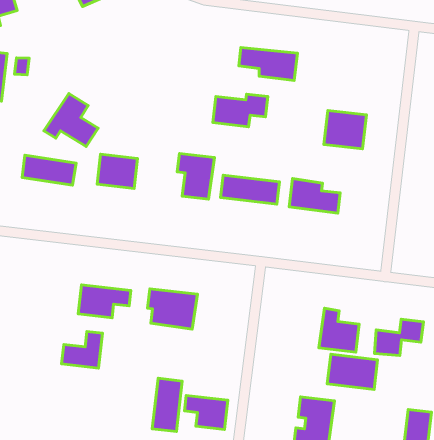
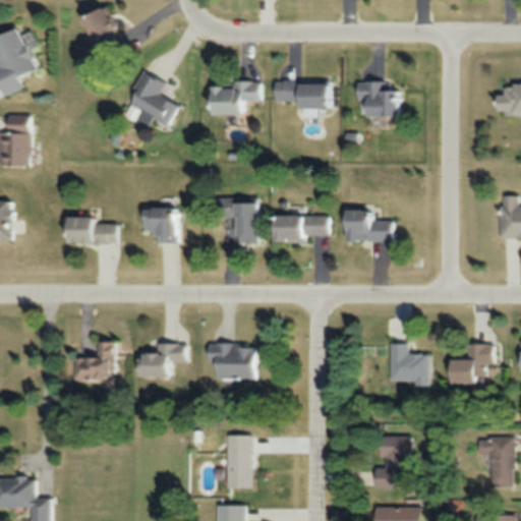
building: [44,93,98,147] -> [122,74,178,127]
building: [213,94,268,127] -> [208,82,262,116]
building: [324,110,367,149] -> [358,82,399,118]
building: [62,331,103,368] -> [76,343,115,380]
building: [327,354,378,389] -> none
building: [184,395,228,429] -> none

